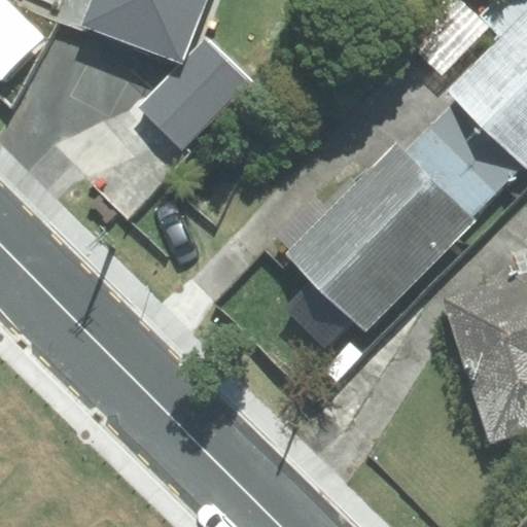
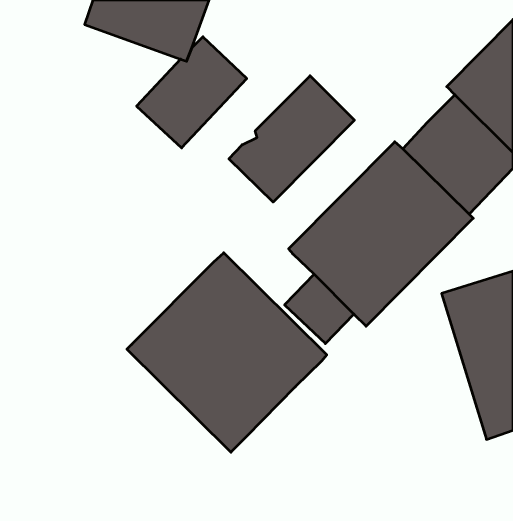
building: none -> [229,76,354,202]
building: none -> [127,253,327,452]

